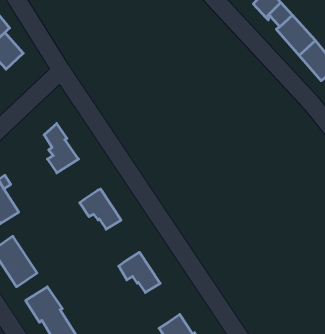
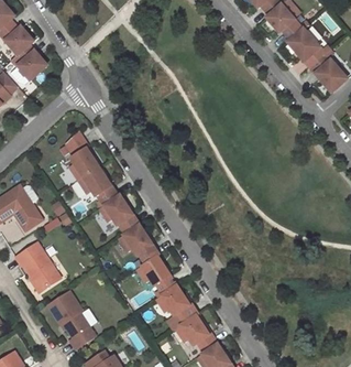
building: none -> [77,166,117,205]
building: none -> [118,225,158,263]
building: none -> [155,285,197,323]

